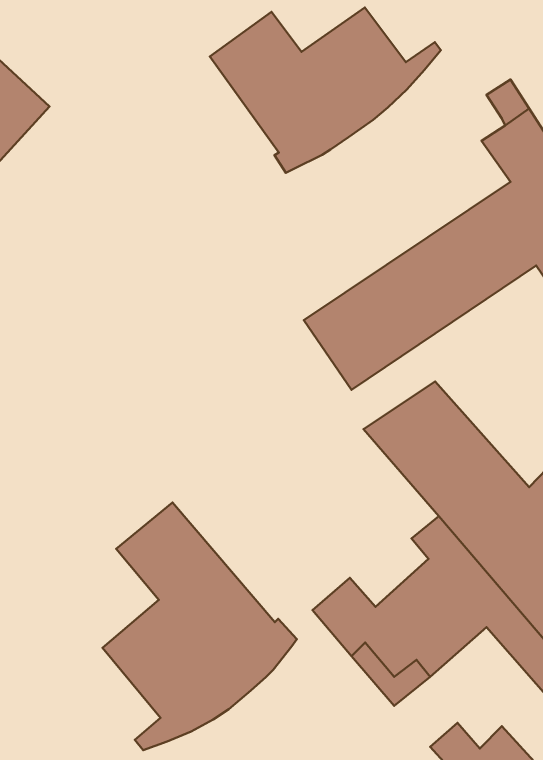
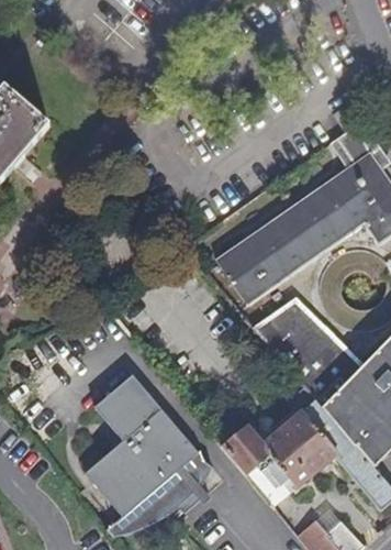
building: [210,8,441,173] -> none

